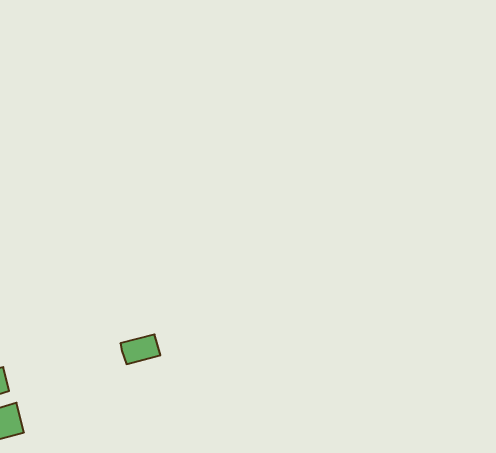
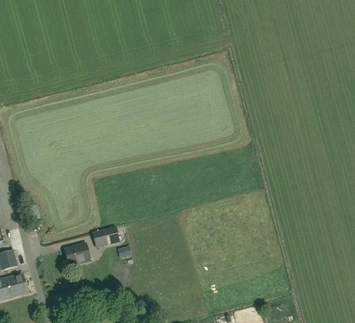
building: none -> [63,244,89,267]

